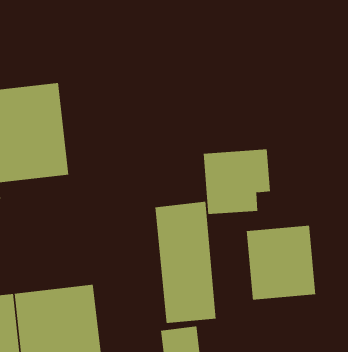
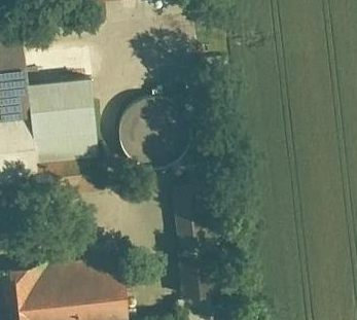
building: [203,149,271,215] -> [127,99,187,157]
building: [246,225,316,300] -> none

